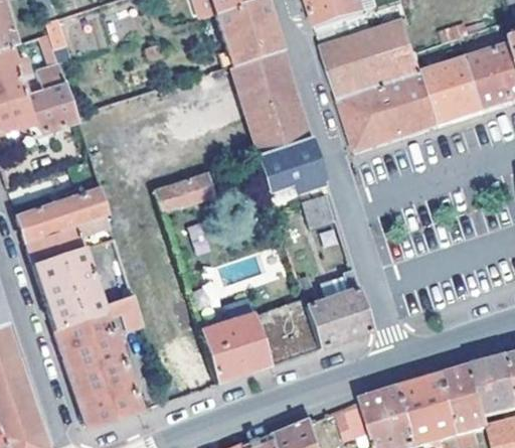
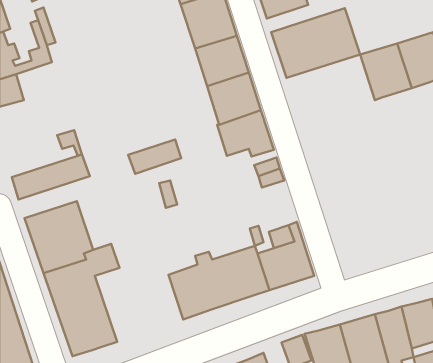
building: [339,70,443,152] -> none
building: [21,80,76,131] -> none
building: [24,213,111,263] -> none

